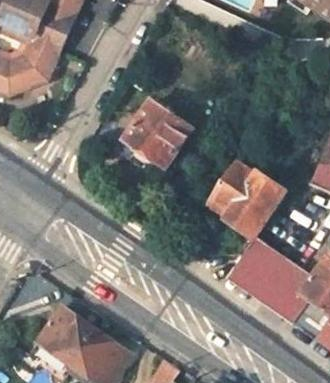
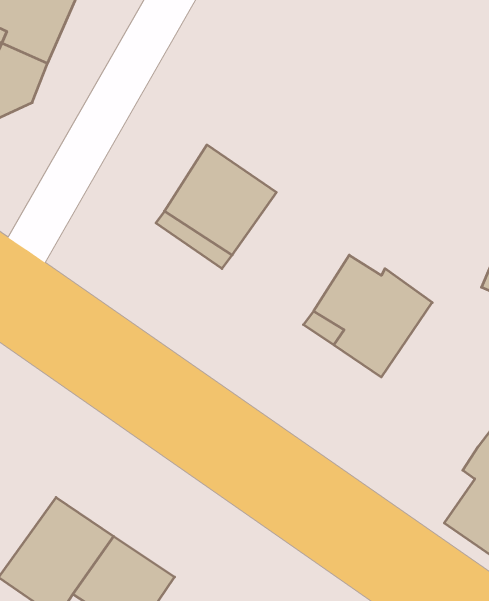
building: [228,236,311,322] -> none

